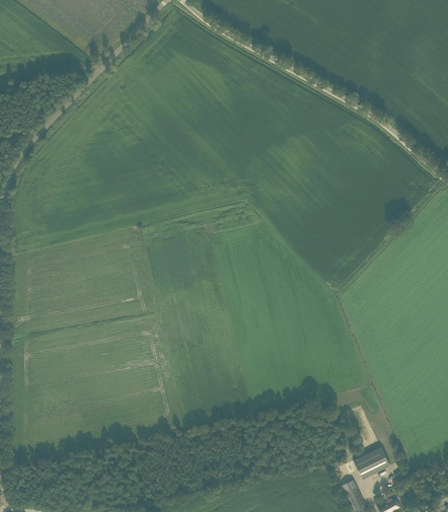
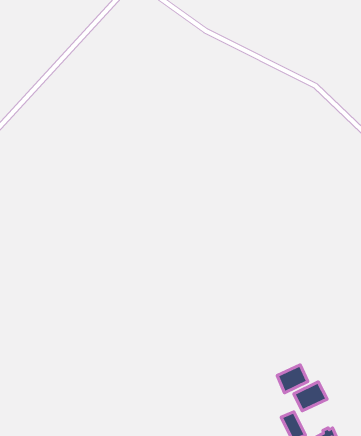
building: none -> [277,365,308,393]

